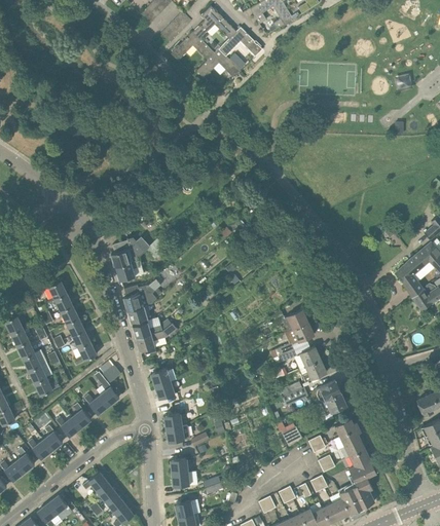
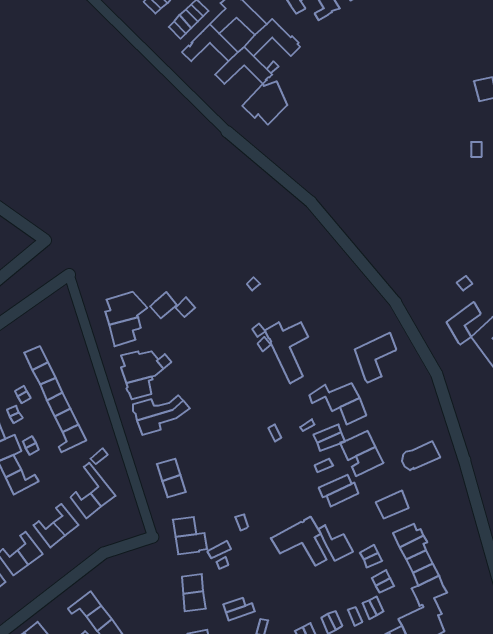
building: none -> [242,81,287,125]
building: none -> [447,302,481,345]
building: none -> [265,322,308,384]
building: none -> [355,333,396,383]
building: [311,380,341,403] -> [402,441,440,470]
building: none -> [271,517,327,566]

